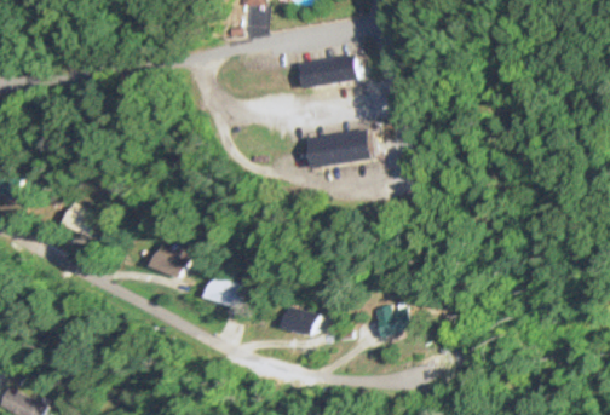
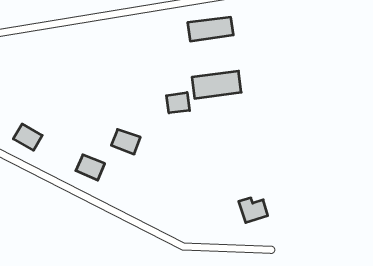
building: none -> [166,92,190,113]
building: [202,276,242,310] -> [111,129,140,154]
building: [281,306,318,338] -> none

